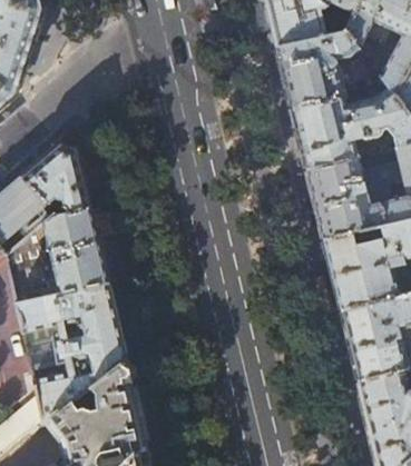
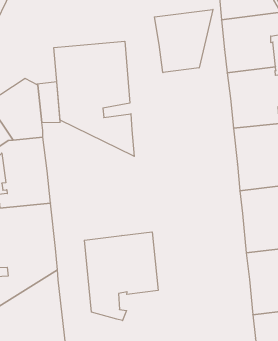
building: none -> [154,9,213,73]
building: none -> [54,41,134,156]
building: none -> [84,232,158,321]

